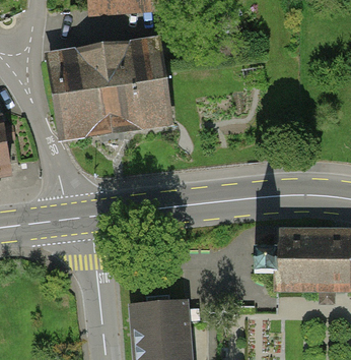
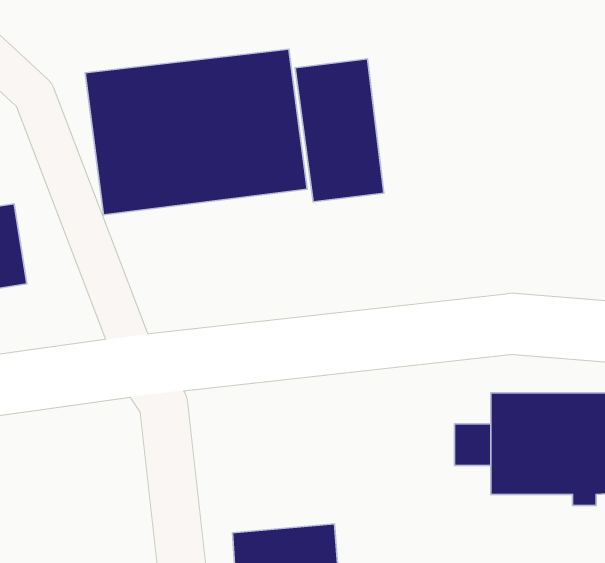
building: none -> [295,59,384,202]

